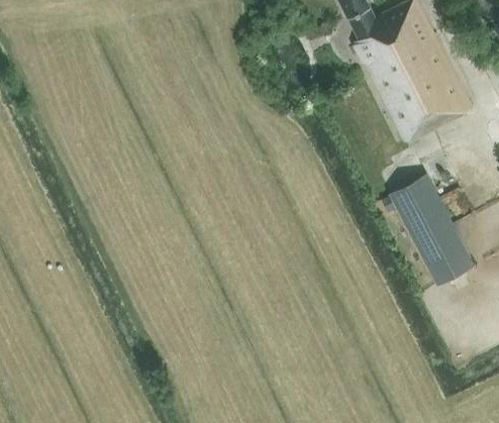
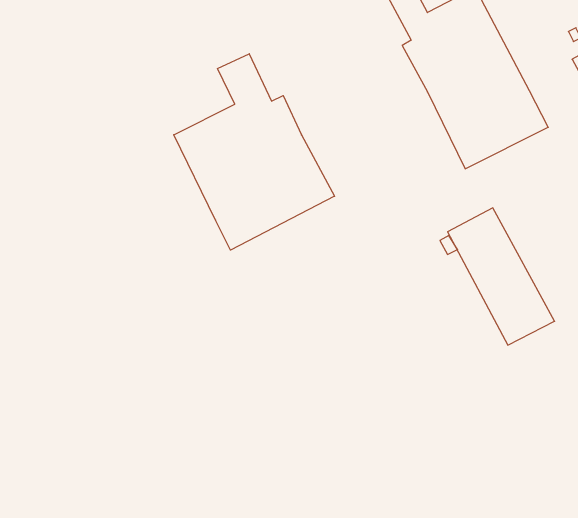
building: none -> [174,54,335,250]

